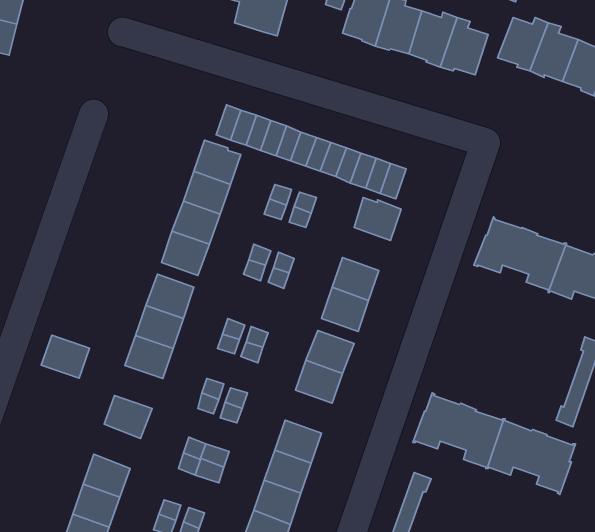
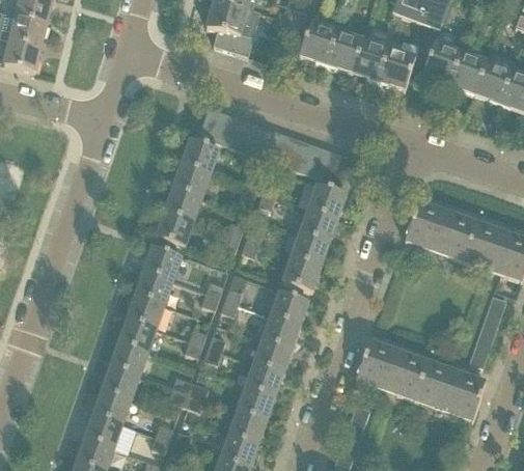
building: none -> [300,209,338,243]
building: [41,335,89,378] -> [118,318,157,353]
building: none -> [254,338,292,372]
building: none -> [102,365,139,400]

